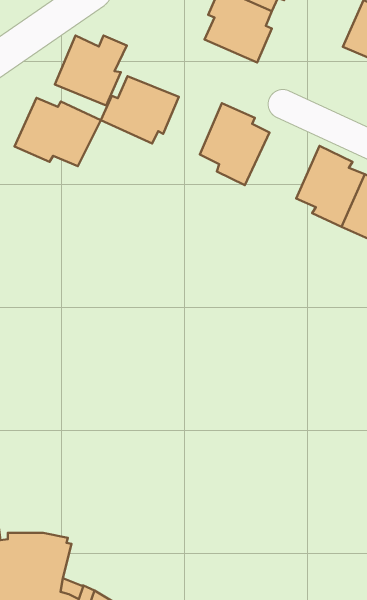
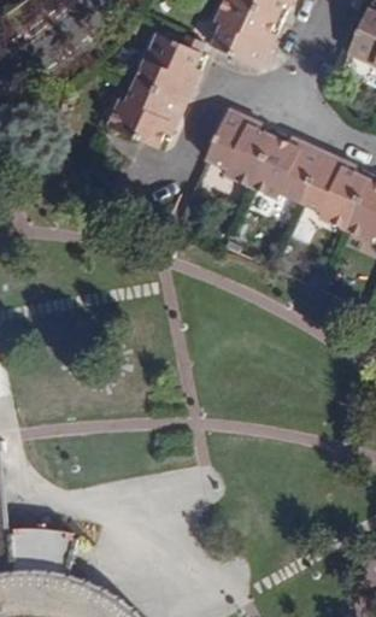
building: [55,36,127,105] -> [133,34,204,102]
building: [15,98,101,166] -> none
building: none -> [248,136,322,202]

